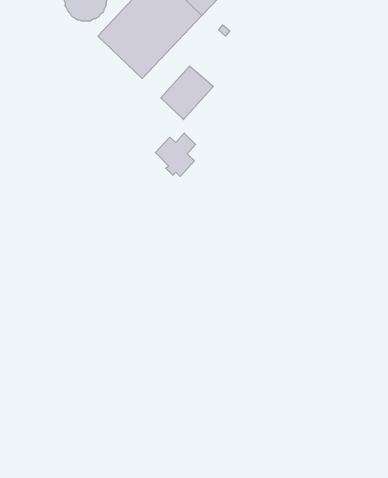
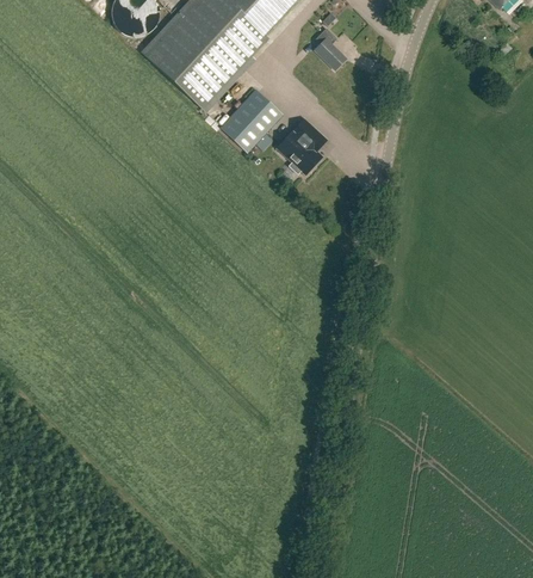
building: none -> [311,25,346,68]
building: [155,133,196,176] -> [274,122,321,172]

